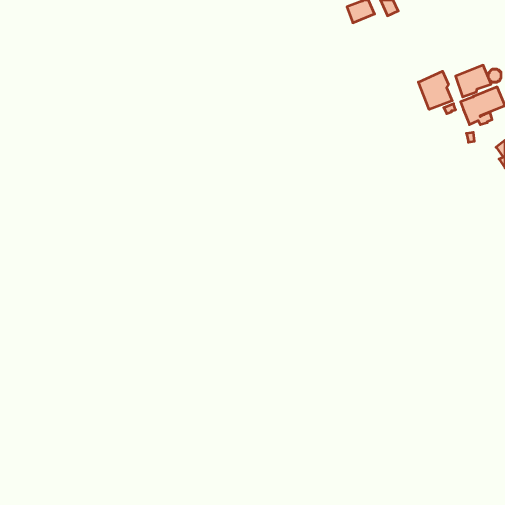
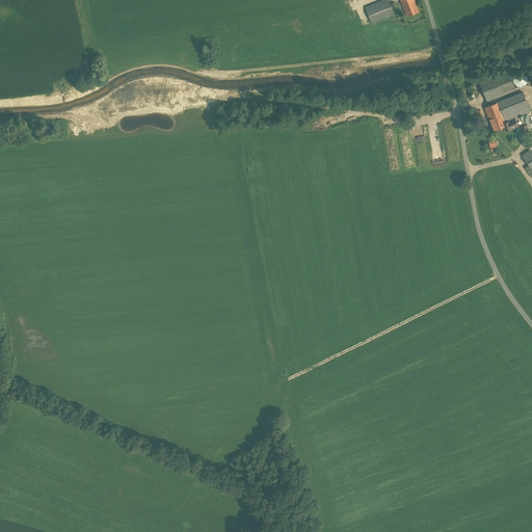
building: [418,71,452,109] -> none

